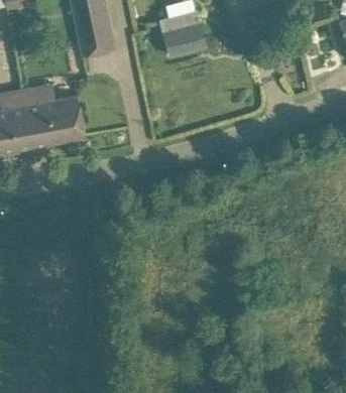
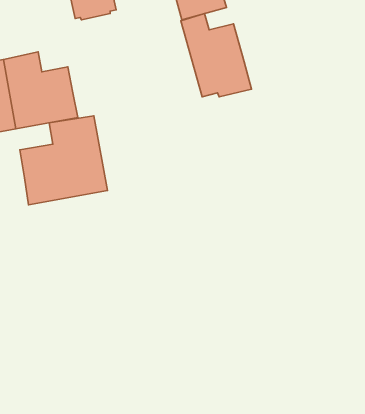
building: none -> [181,14,251,97]
building: none -> [20,116,107,205]

